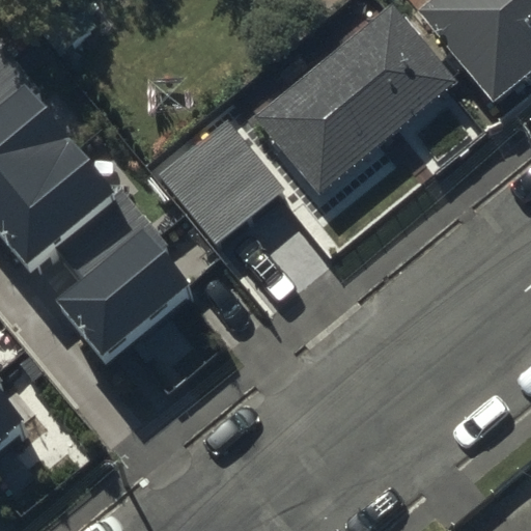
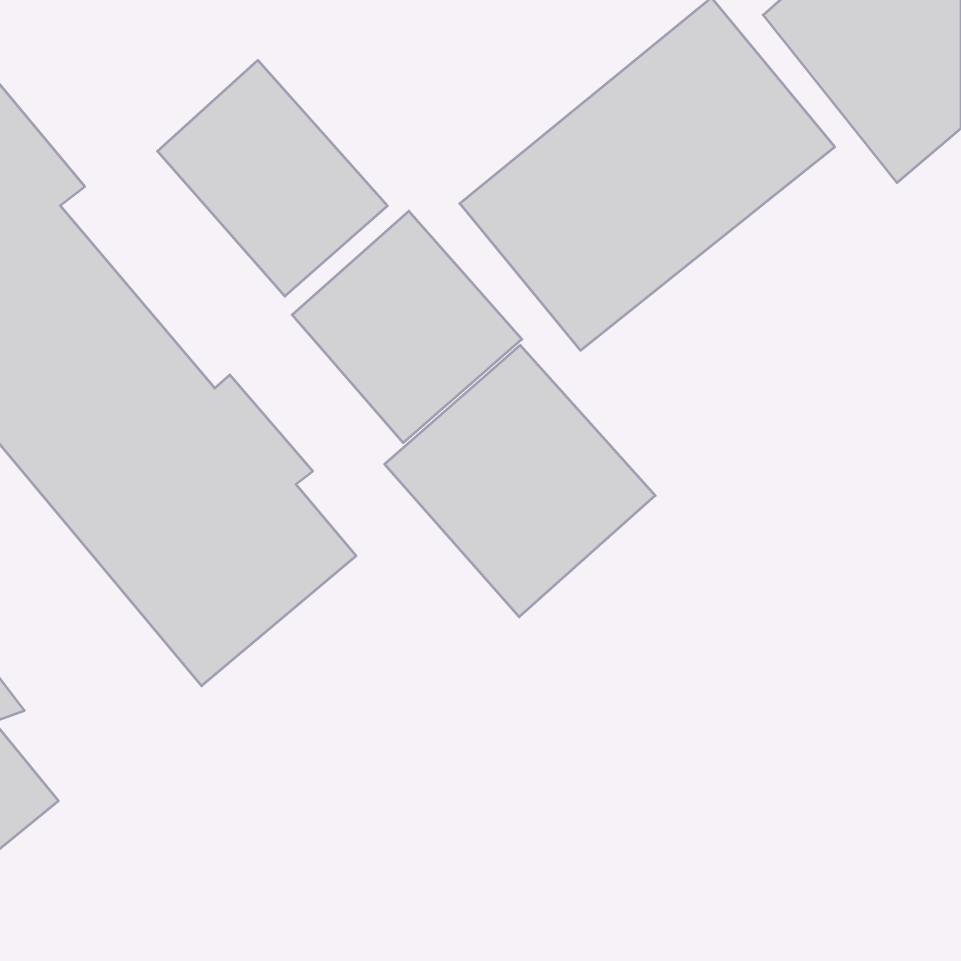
building: none -> [157,60,387,296]
building: none -> [385,345,655,617]

